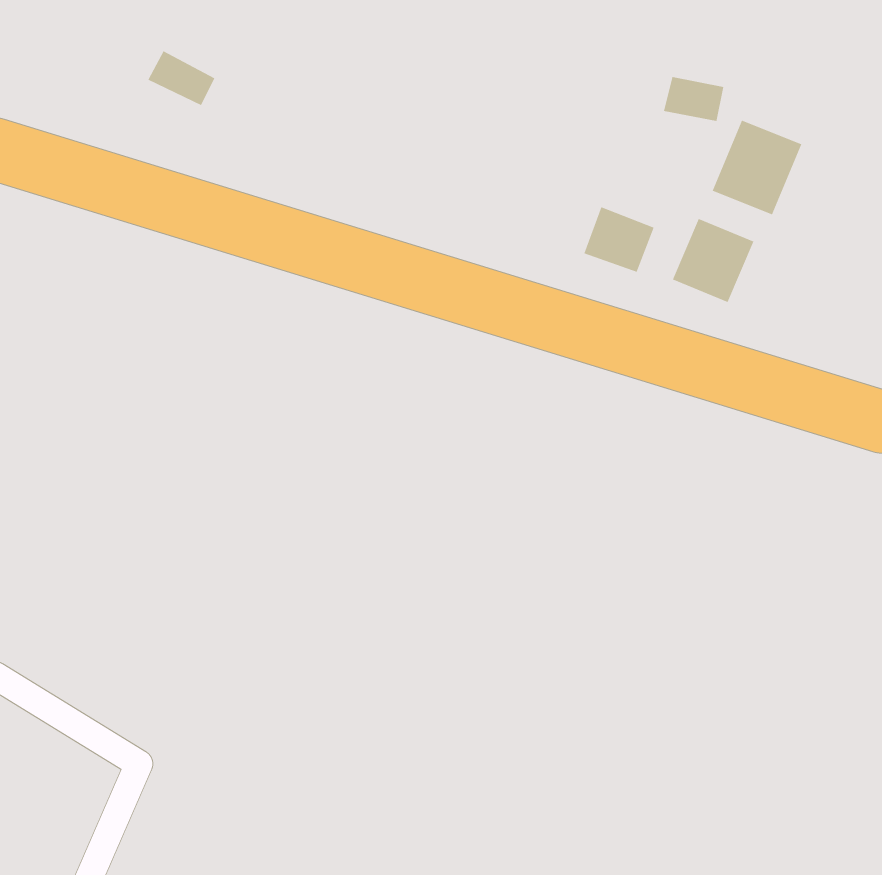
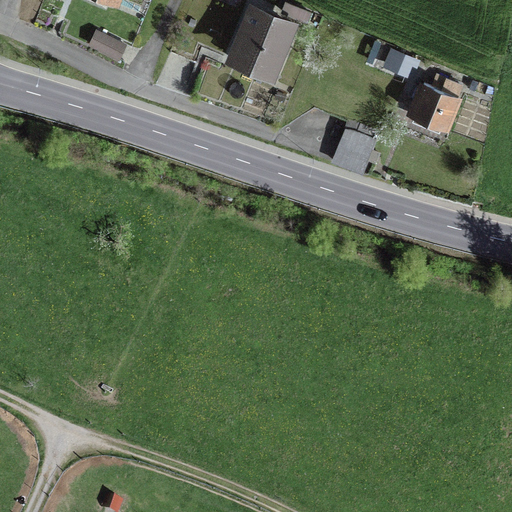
building: none -> [229,11,289,77]
building: [672,218,754,303] -> none

